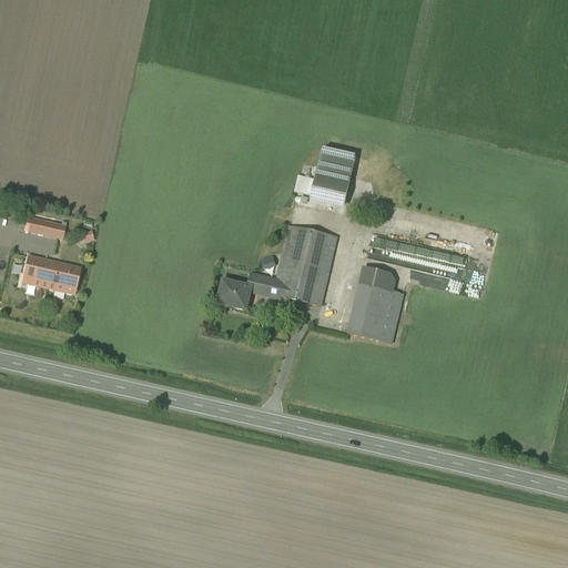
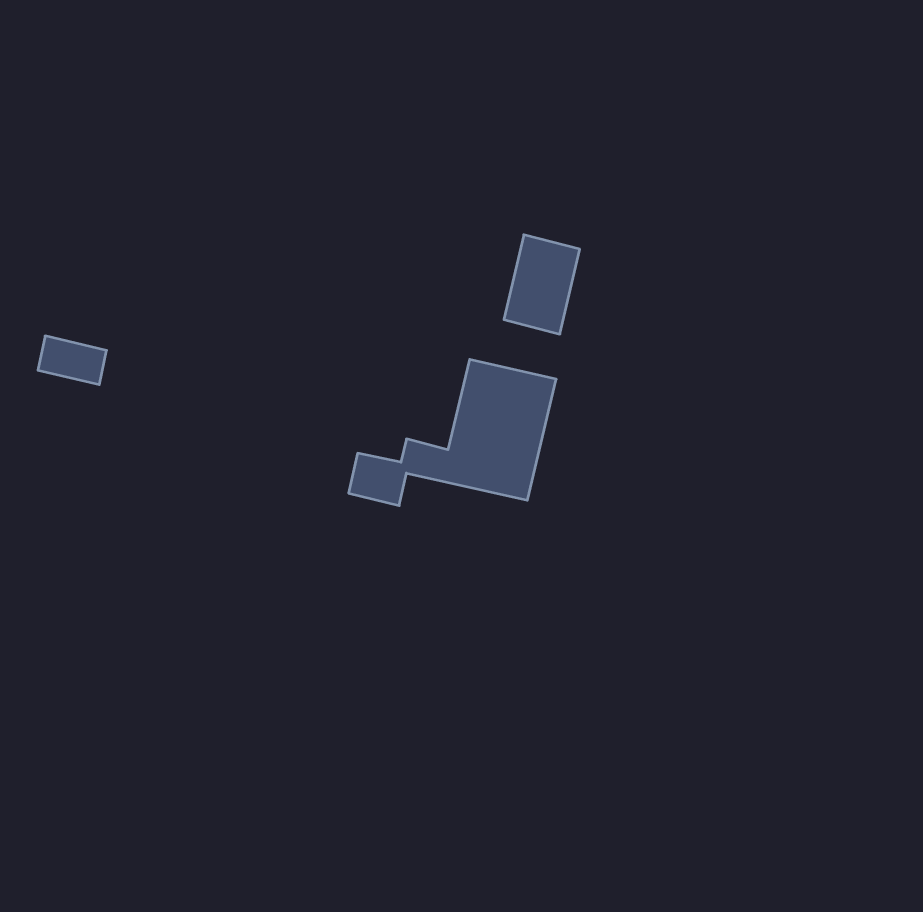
building: [21,252,81,292] -> none
building: [344,264,404,342] -> none

